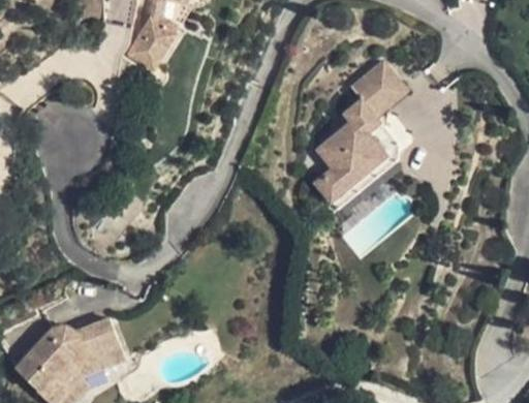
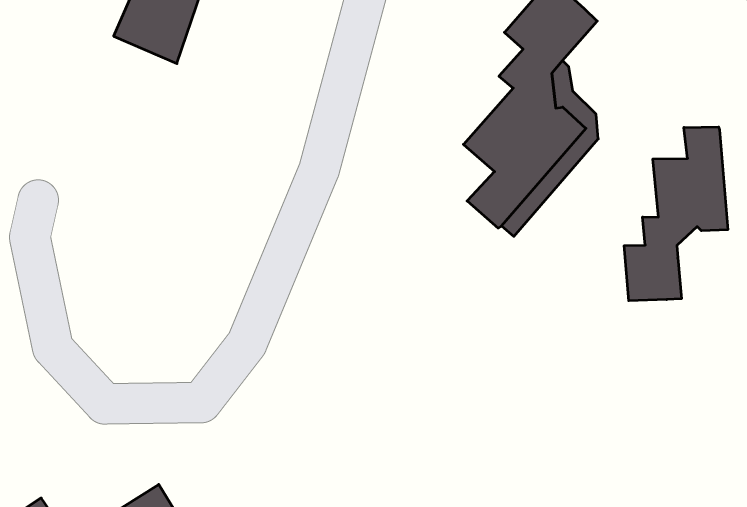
building: none -> [624,127,728,301]

